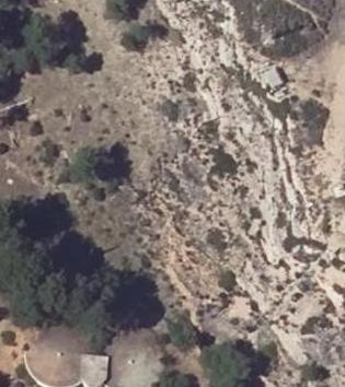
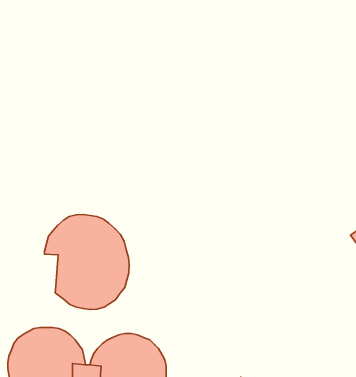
building: none -> [44,214,129,310]

